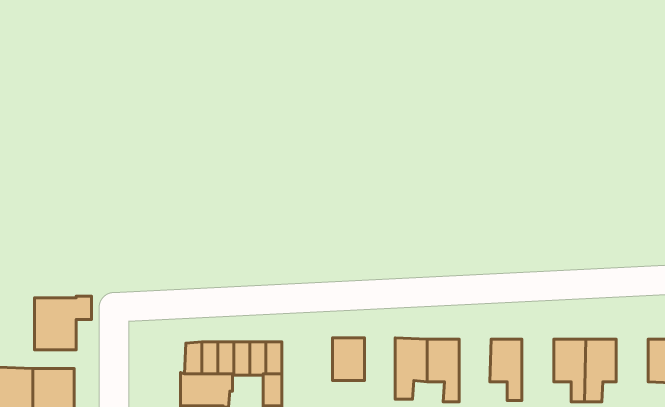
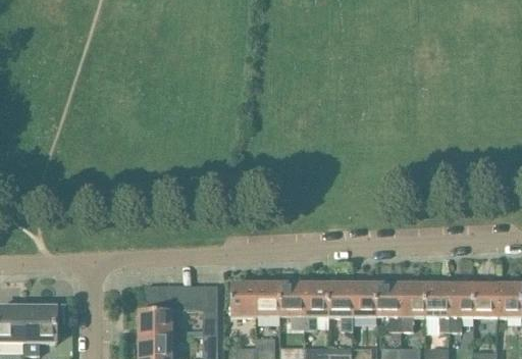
building: [35,296,92,350] -> none
building: none -> [230,283,255,315]
building: none -> [279,283,303,329]
building: none -> [352,284,376,316]
building: none -> [400,284,424,330]
building: none -> [472,284,497,316]

